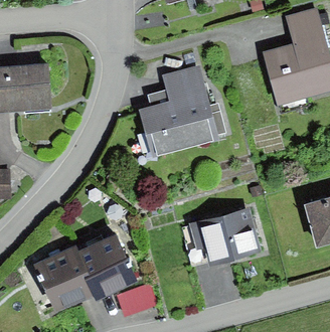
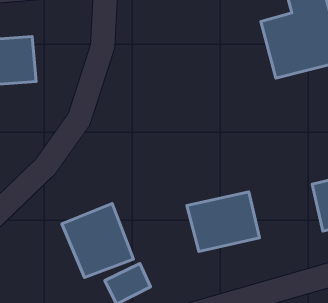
building: [138,64,218,156] -> none
building: [31,241,96,310] -> none

